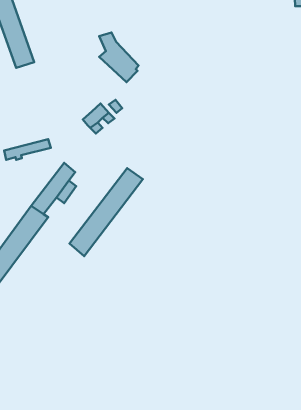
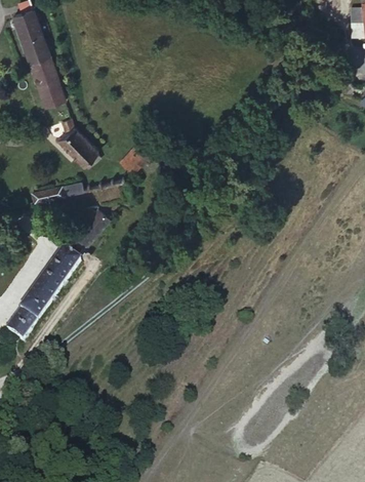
building: [99,32,139,82] -> [55,112,98,166]
building: [69,168,143,256] -> none

